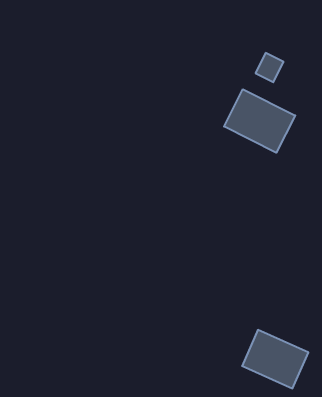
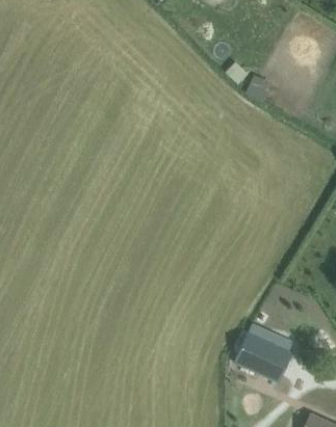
building: [224,89,295,153] -> none

